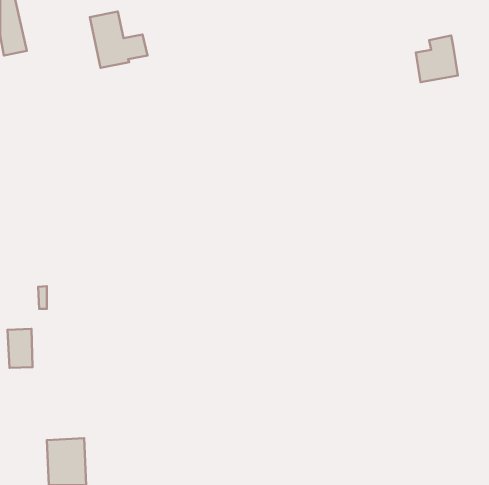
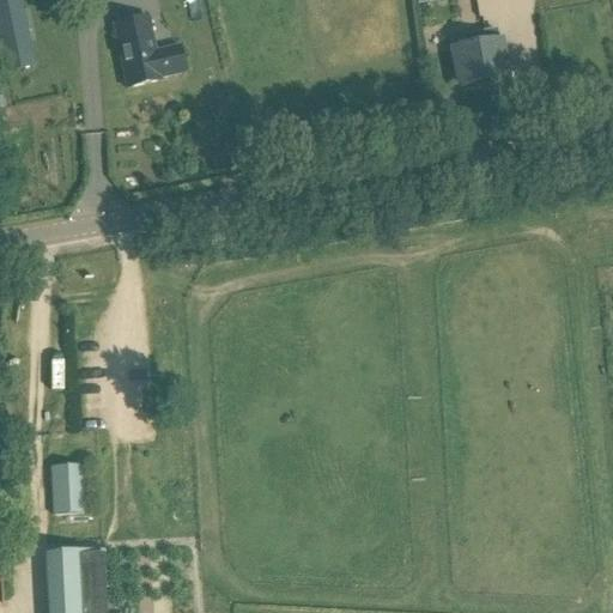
building: [416,35,458,82] -> [453,24,505,83]
building: [8,329,32,368] -> [51,463,83,512]

